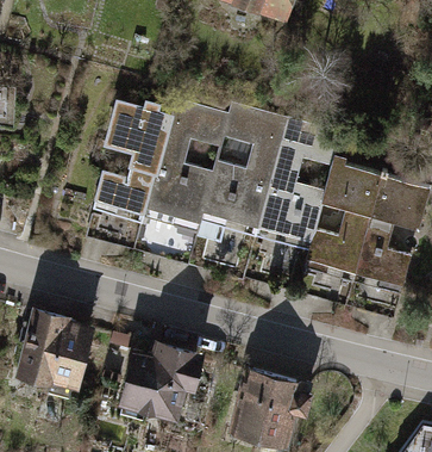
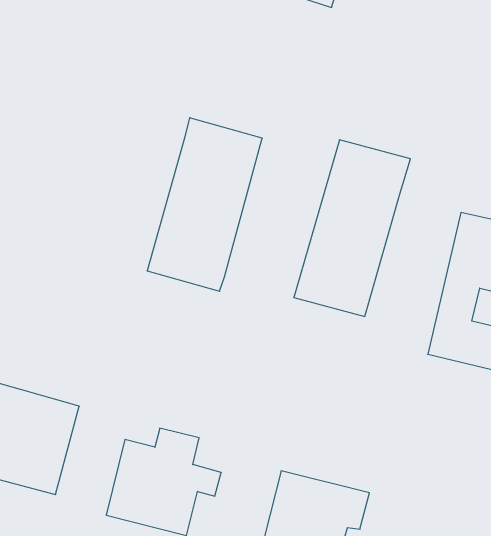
building: [95,101,175,219] -> none
building: [205,105,292,240] -> none
building: [305,162,383,283] -> none

